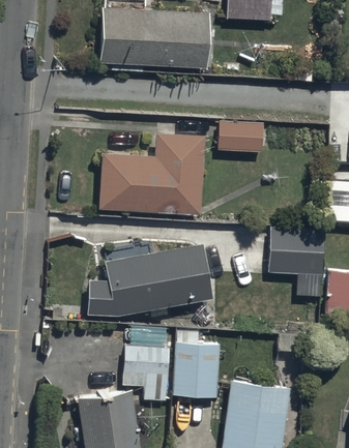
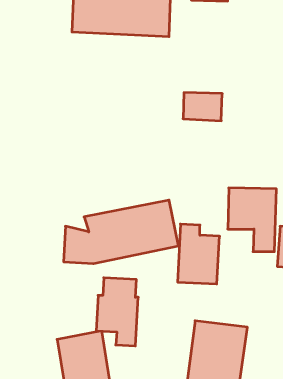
building: [97,132,208,214] -> none
building: [174,336,221,402] -> [178,224,220,284]

